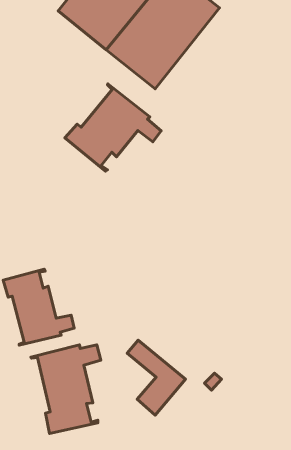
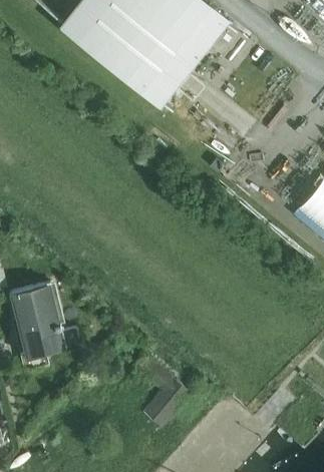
building: [65,84,161,171] -> none
building: [31,345,101,434] -> none

